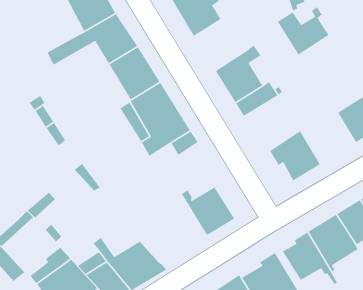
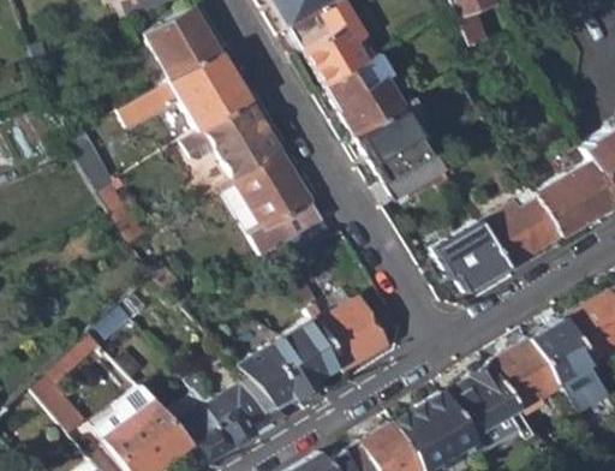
building: [277,6,329,56] -> [328,65,402,135]
building: none -> [480,191,557,267]
building: none -> [239,316,344,406]

